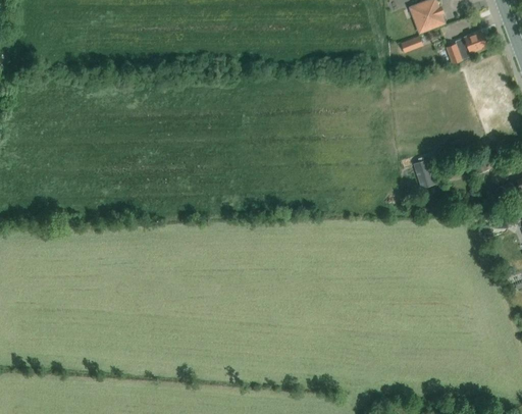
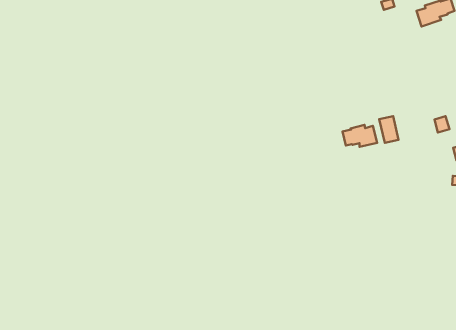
building: none -> [342,125,377,147]

